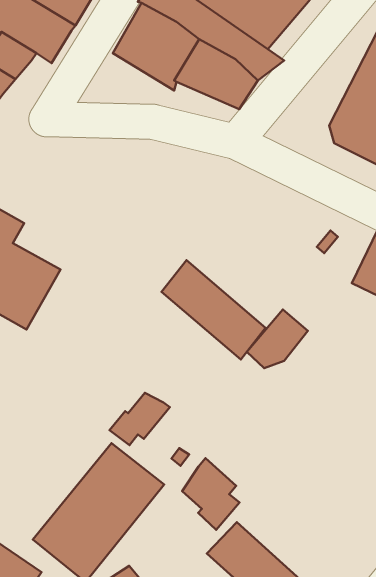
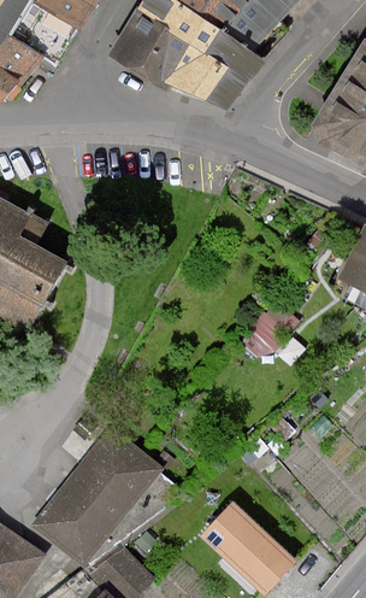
building: [162,260,266,360] -> none
building: [109,393,170,445] -> none
building: [182,458,240,530] -> none

